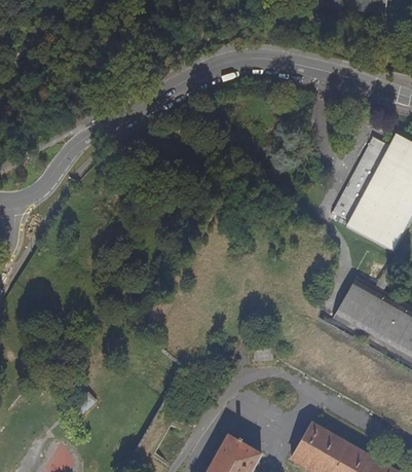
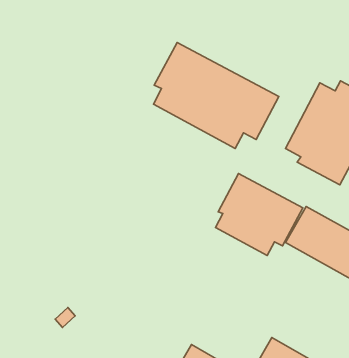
building: none -> [153,42,279,148]
building: none -> [216,174,303,256]

